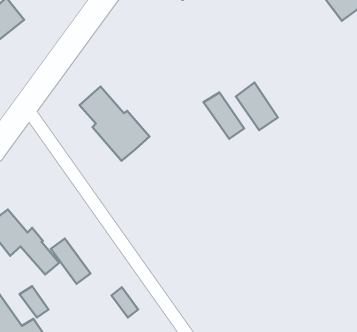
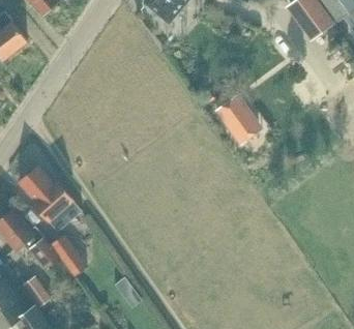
building: [80,86,149,161] -> [19,166,81,232]
building: [204,92,244,139] -> none

